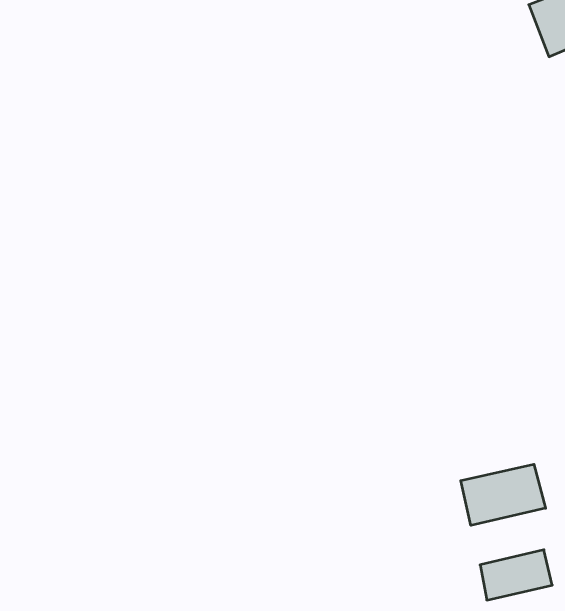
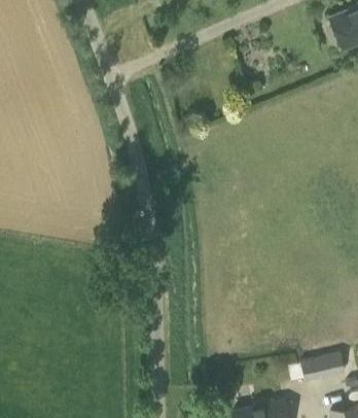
building: [461,464,546,525] -> none

